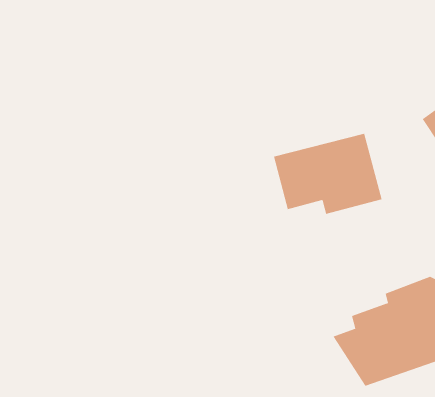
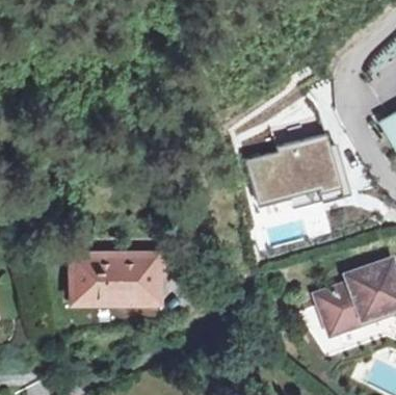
building: none -> [65,251,156,312]

